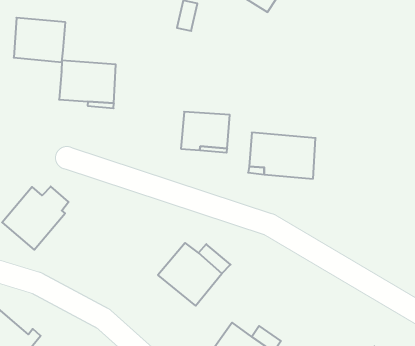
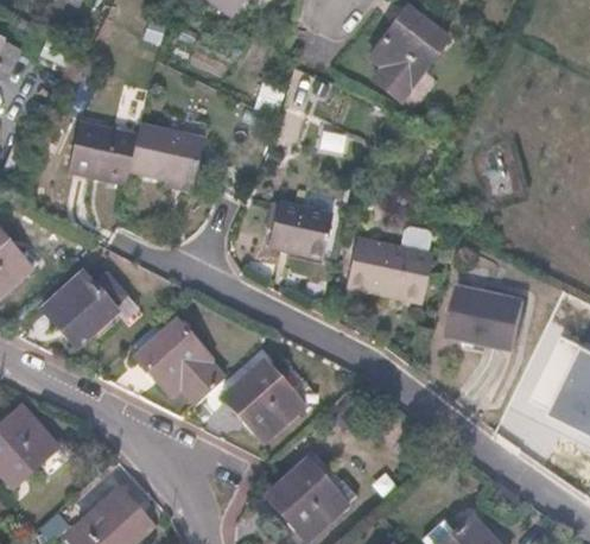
building: [14,18,65,62] -> [69,122,137,183]
building: none -> [445,282,524,344]
building: none -> [137,317,223,404]

